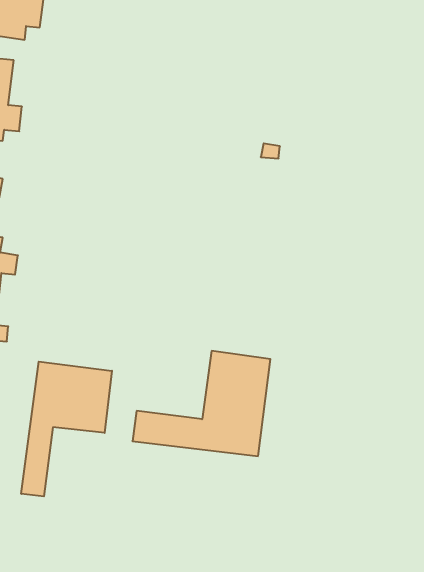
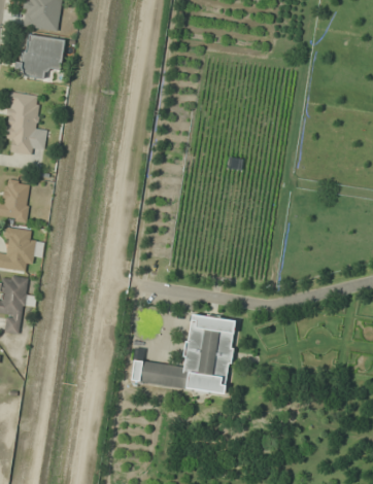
building: [21,362,112,496] -> none

